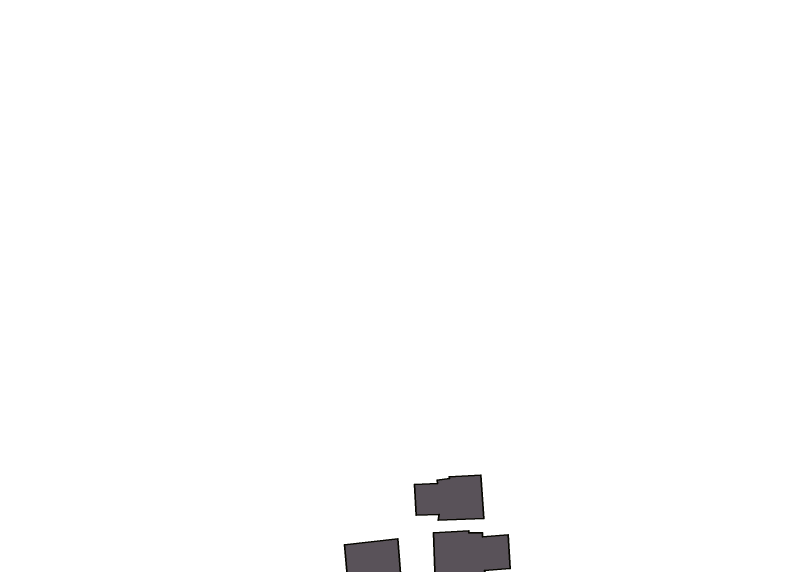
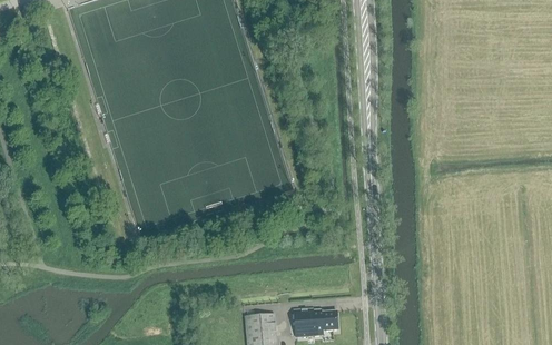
building: [415,475,484,520] -> none

